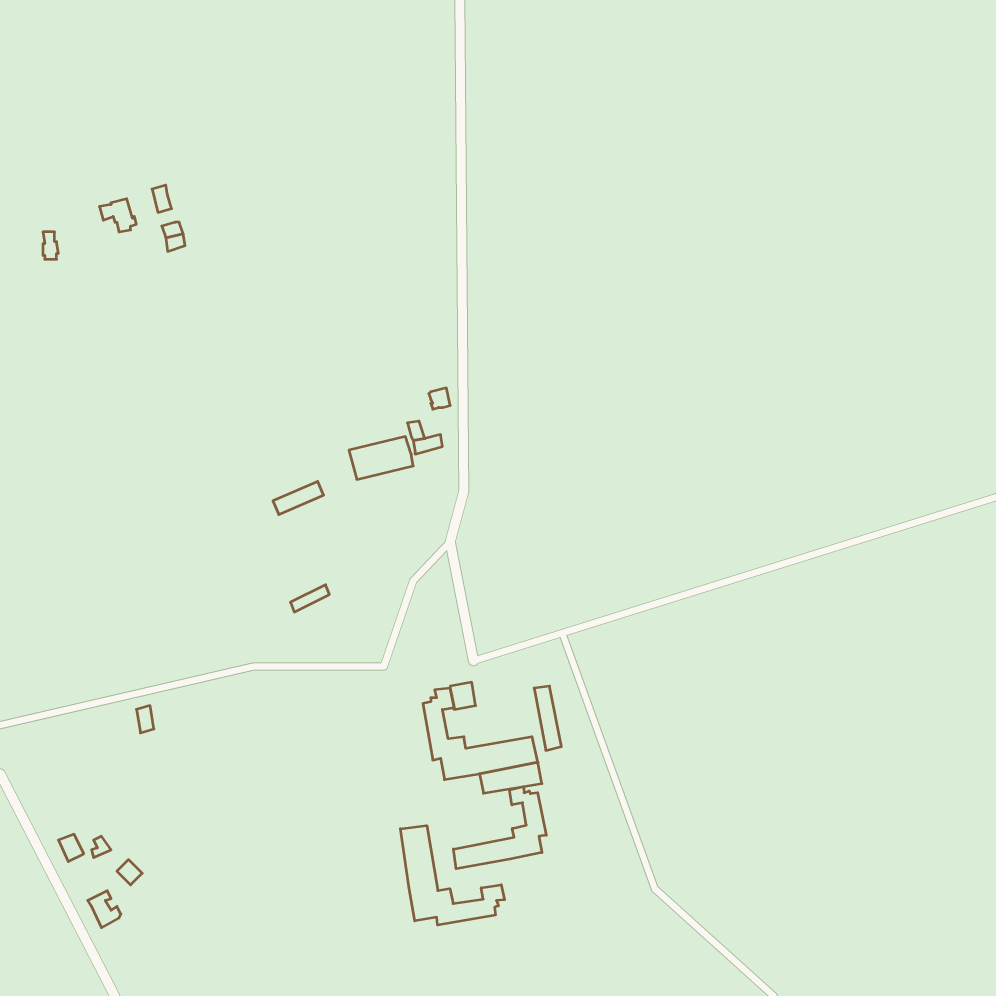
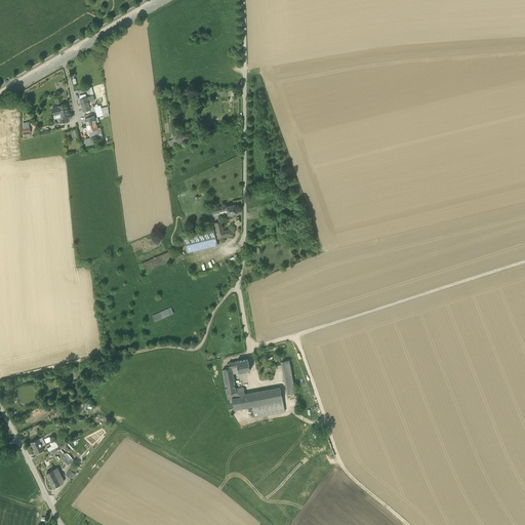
building: [453,787,546,869] -> none
building: [400,826,505,925] -> none

